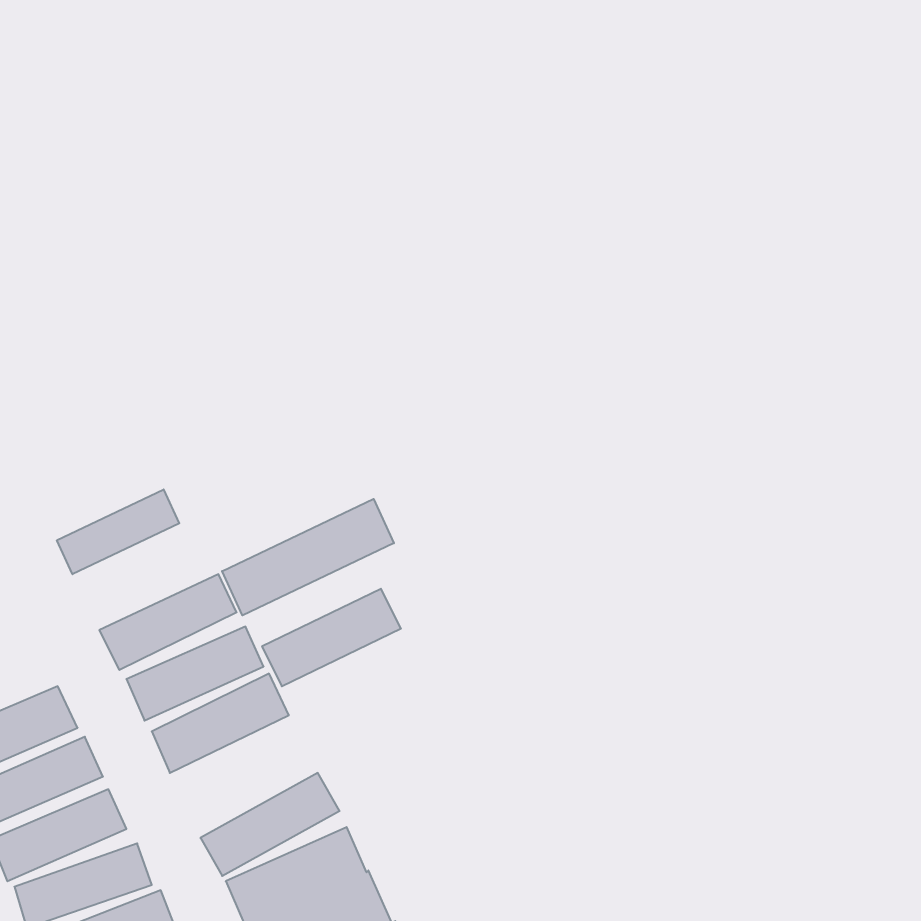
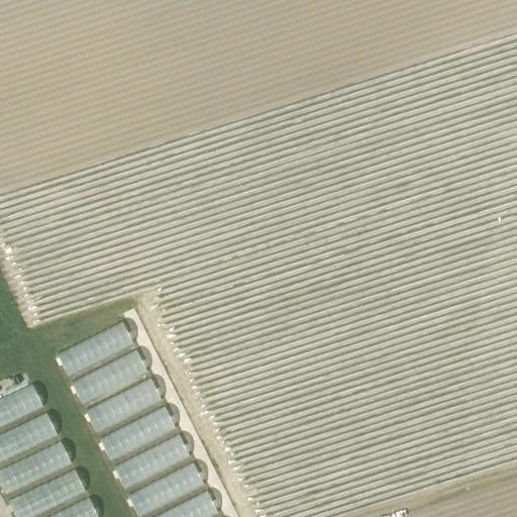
building: [57,489,179,574] -> none
building: [222,499,394,615] -> none
building: [262,589,401,686] -> [98,407,176,461]

